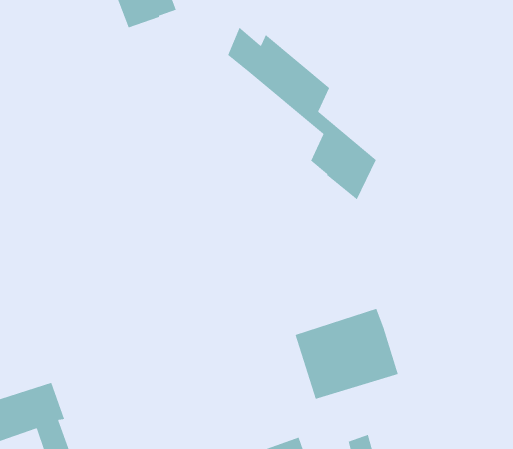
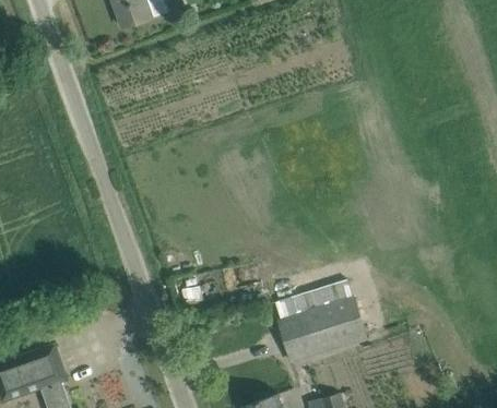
building: [227,26,377,201] -> none

